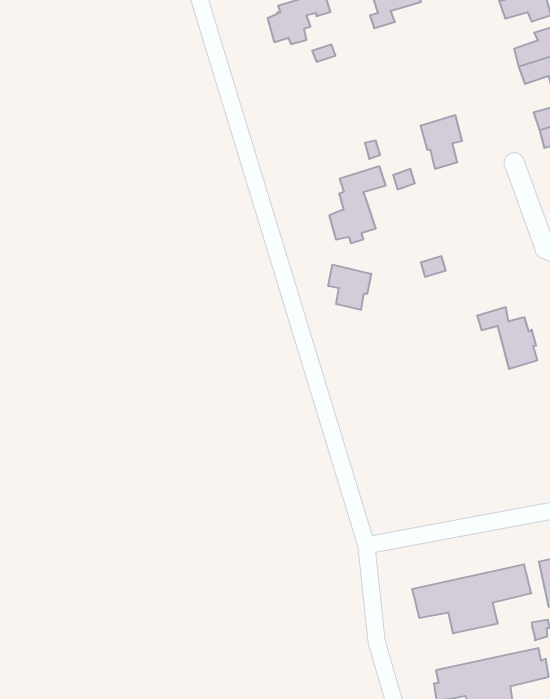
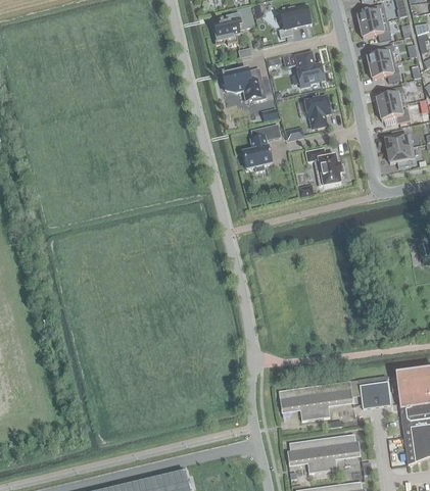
building: none -> [296,53,324,87]
building: none -> [221,68,266,100]
building: [328,265,371,310] -> none
building: [477,307,537,369] -> [305,148,341,187]

